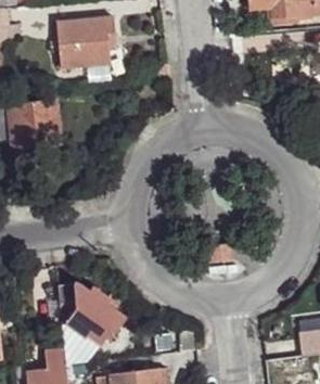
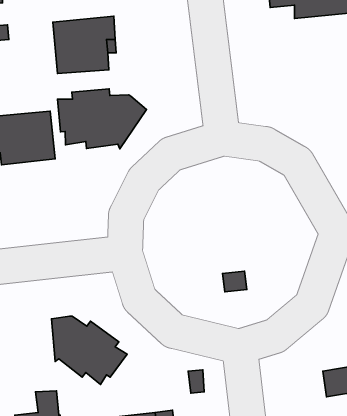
building: none -> [57,89,147,149]

